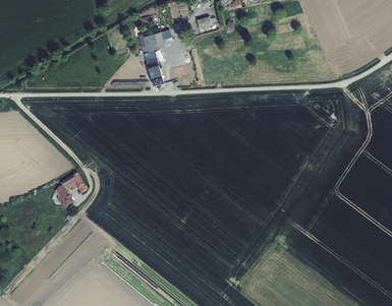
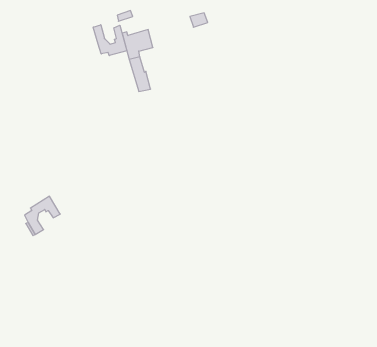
building: none -> [93,25,127,56]

